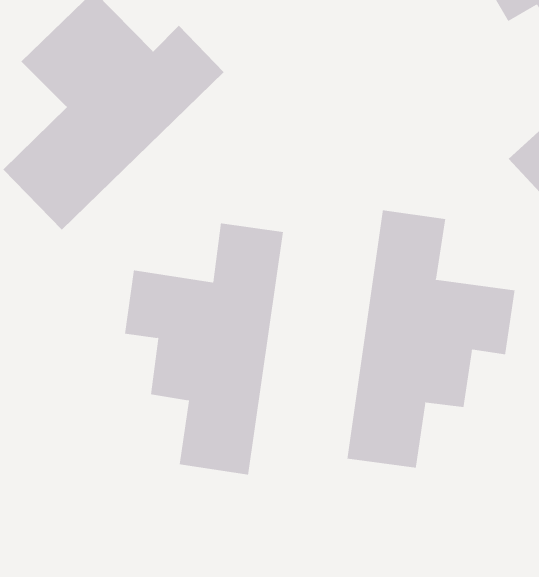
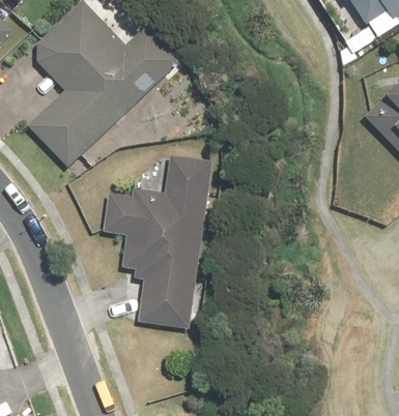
building: [347,209,515,469] -> none

